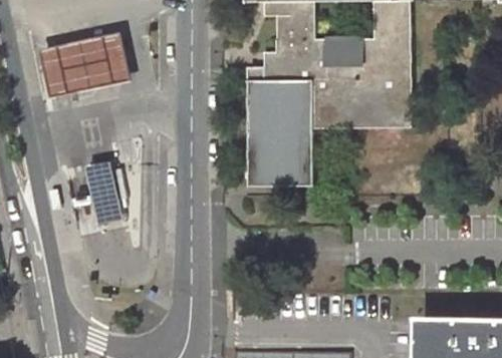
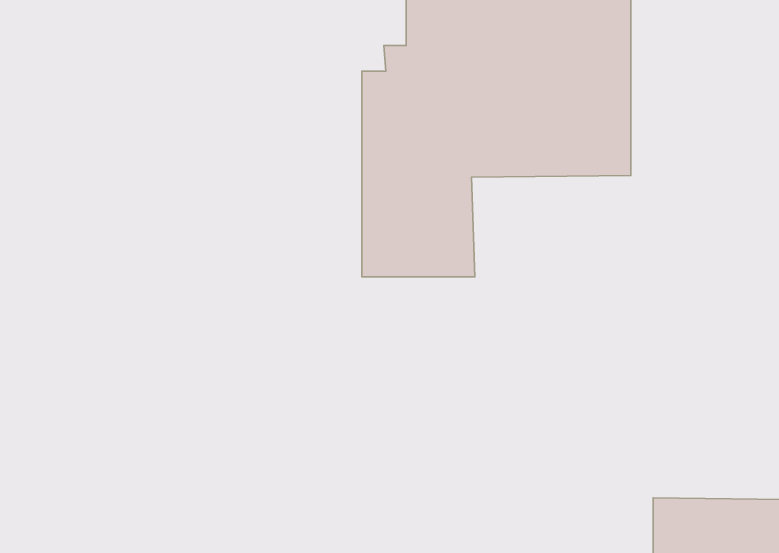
building: [42,35,130,98] -> none
building: [84,161,126,226] -> none

